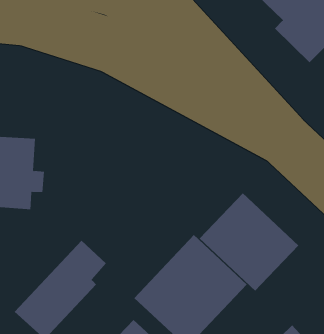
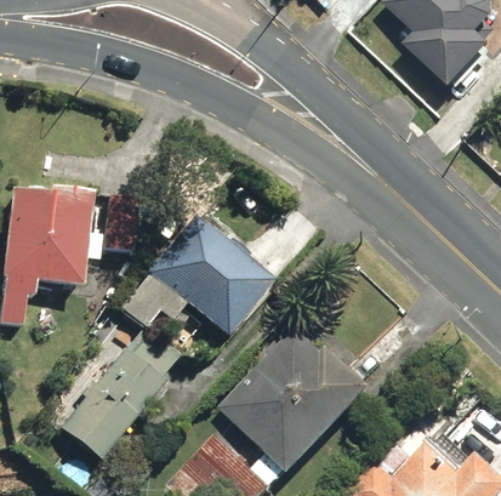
building: none -> [120,207,269,338]
building: [199,193,299,292] -> none

